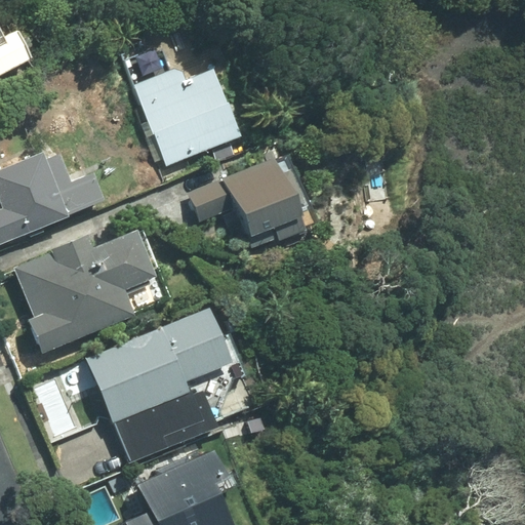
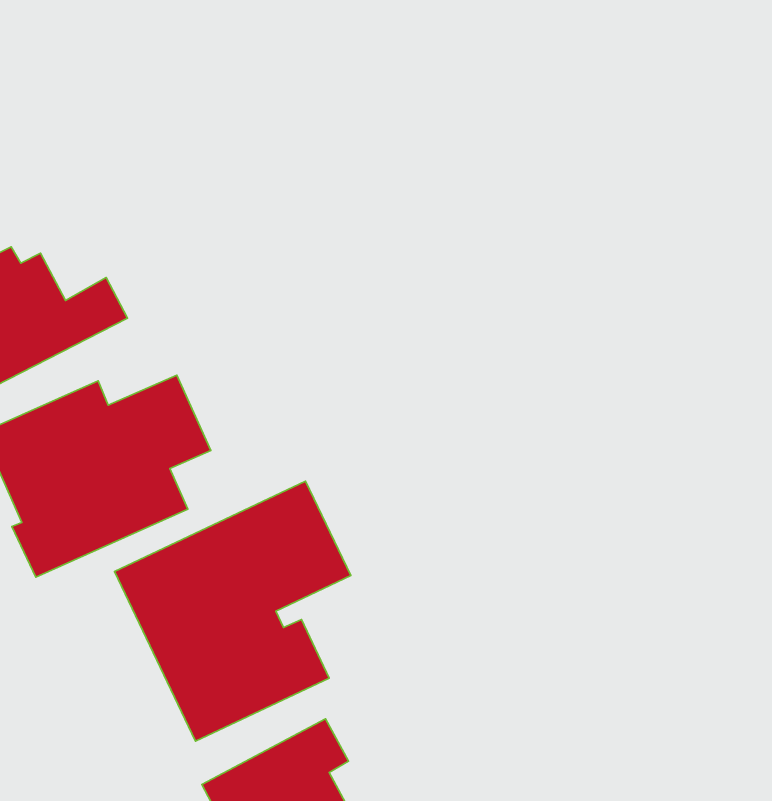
building: [134,65,240,167] -> none
building: [191,158,294,237] -> none

